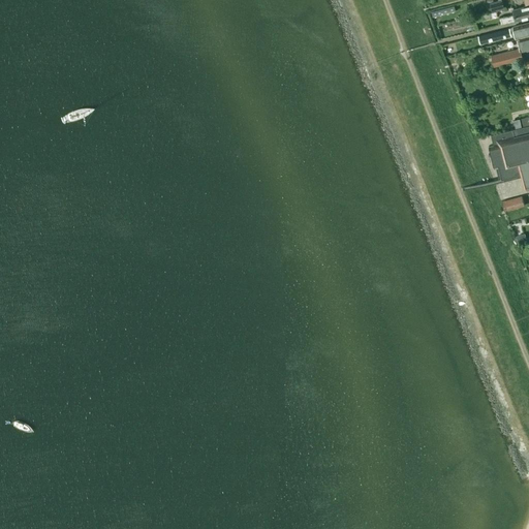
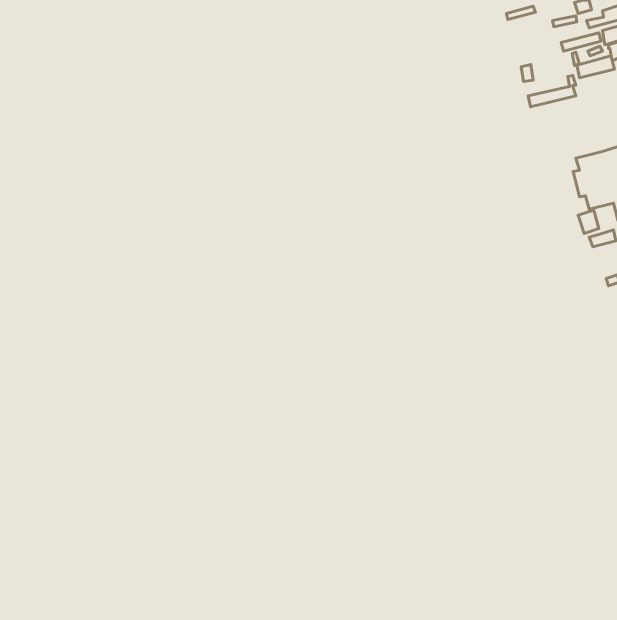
building: none -> [528,76,576,107]

